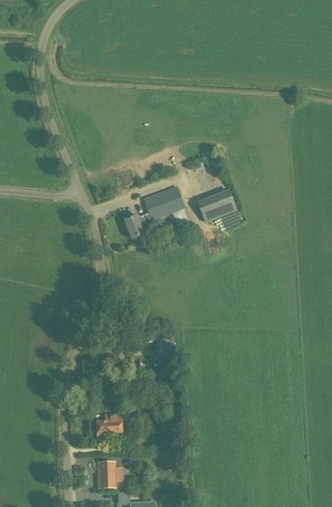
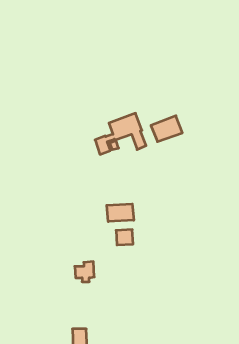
building: none -> [107,204,134,222]
building: [95,414,120,440] -> [75,262,94,282]

